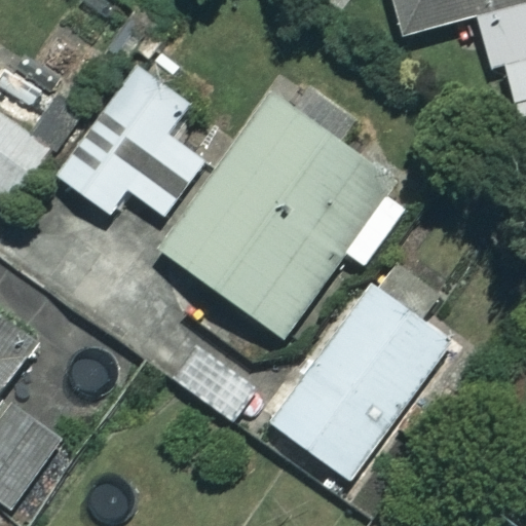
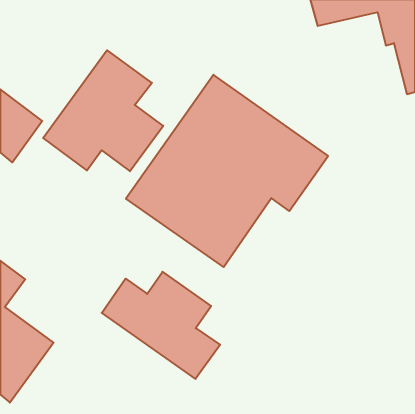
building: [265,280,451,480] -> none
building: none -> [102,272,220,379]

